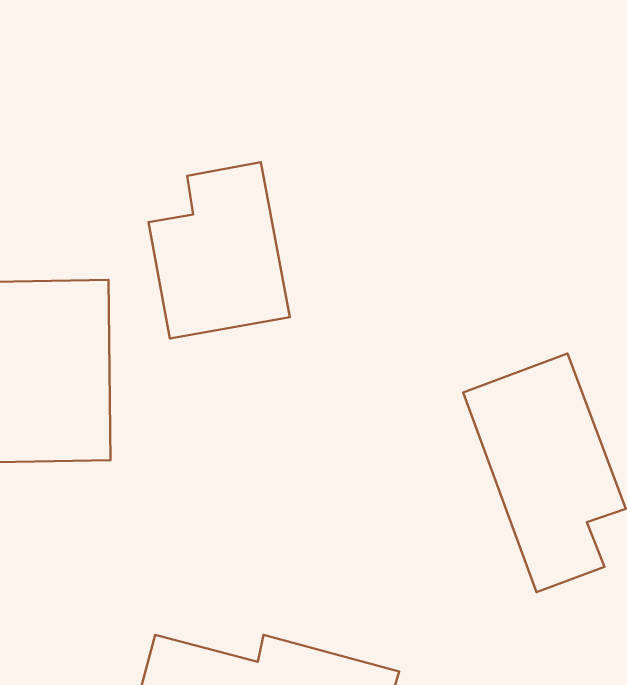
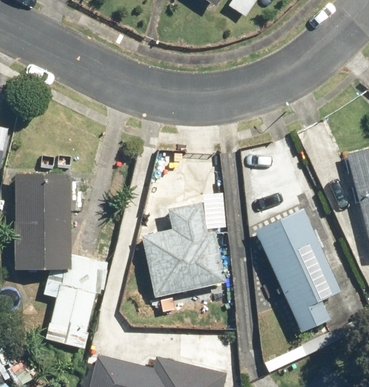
building: [148,162,290,339] -> [148,203,221,294]
building: none -> [45,289,93,350]

